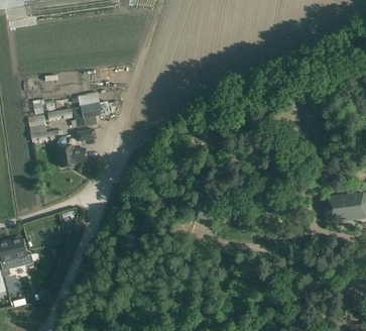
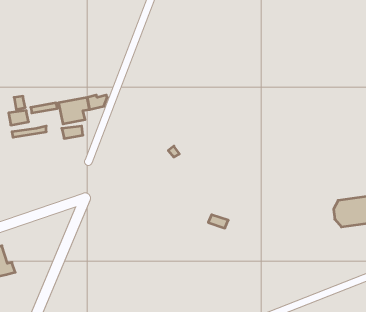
building: [57,136,88,167] -> none

